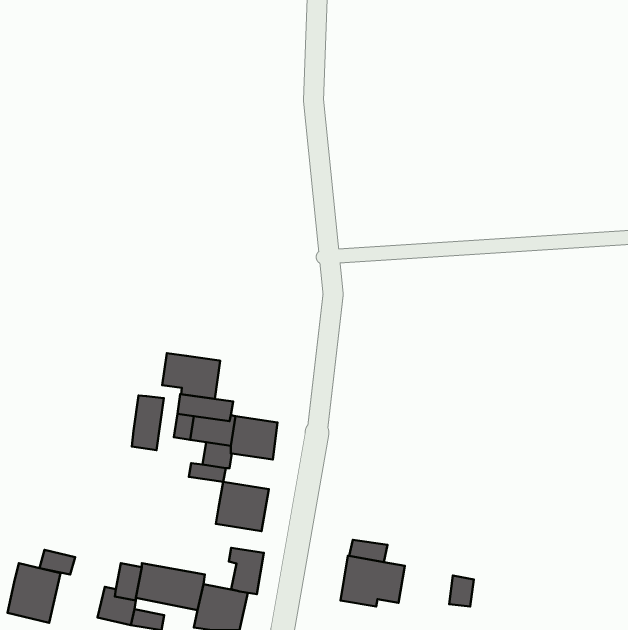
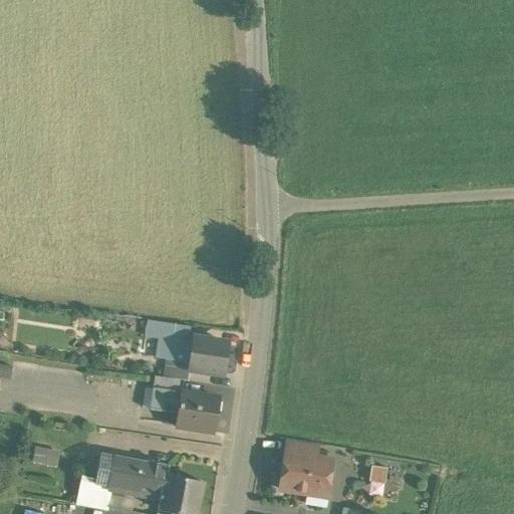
building: [162,353,220,399] -> none
building: [132,395,164,450] -> none
building: none -> [153,388,184,413]
building: [229,548,264,594] -> none
building: [7,563,60,623] -> none

